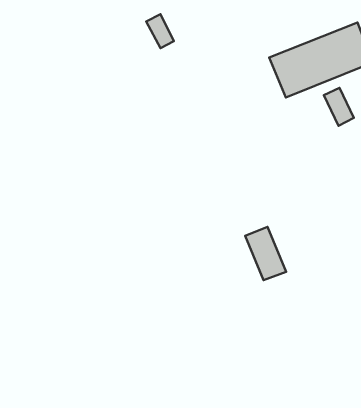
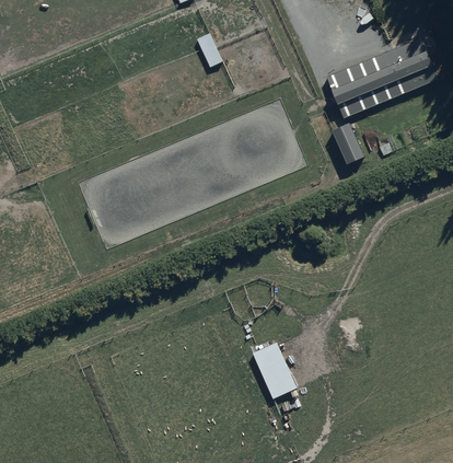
building: [324,88,354,126] -> [334,127,365,167]
building: [245,227,286,280] -> [253,343,297,400]

